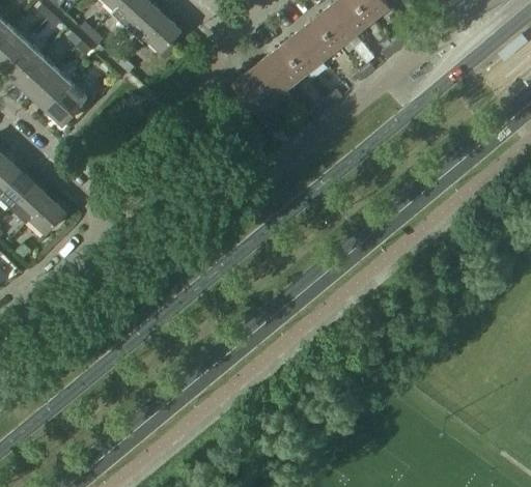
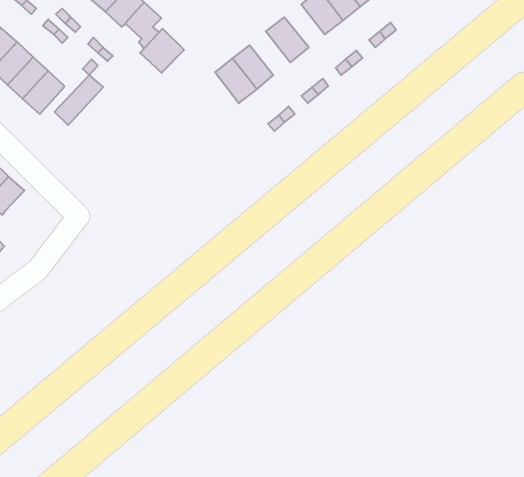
building: [299,18,338,59] -> none
building: none -> [140,29,184,73]
building: [266,44,305,86] -> none
building: none -> [55,75,103,125]
building: [30,197,64,232] -> none

